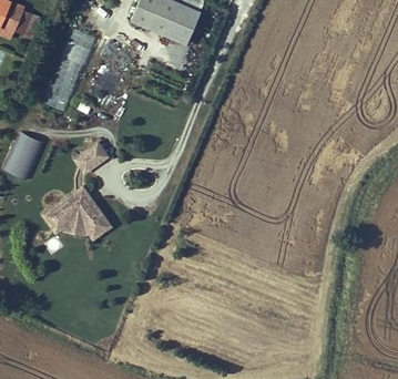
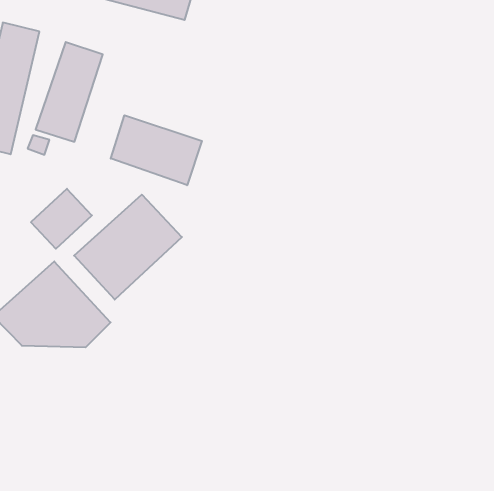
building: none -> [111,115,202,185]
building: none -> [74,195,182,300]

